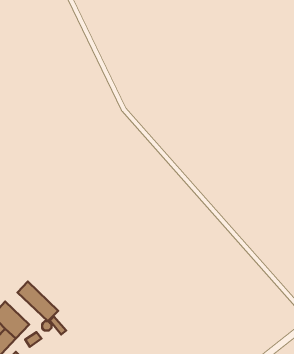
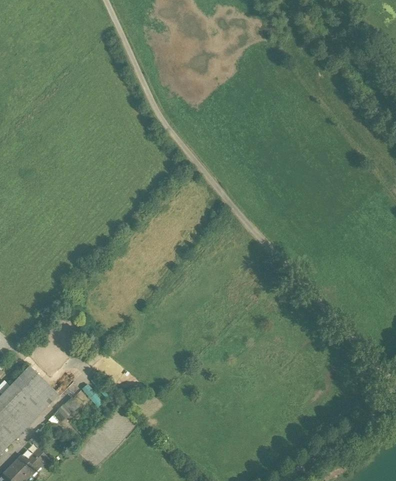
building: [18,281,58,321] -> none

